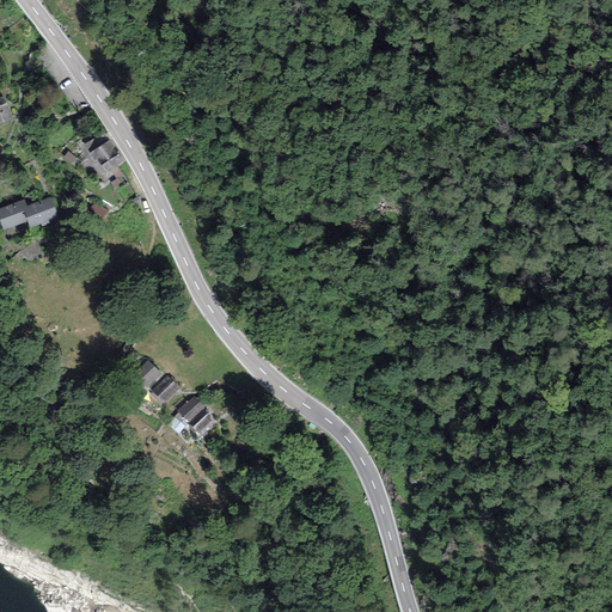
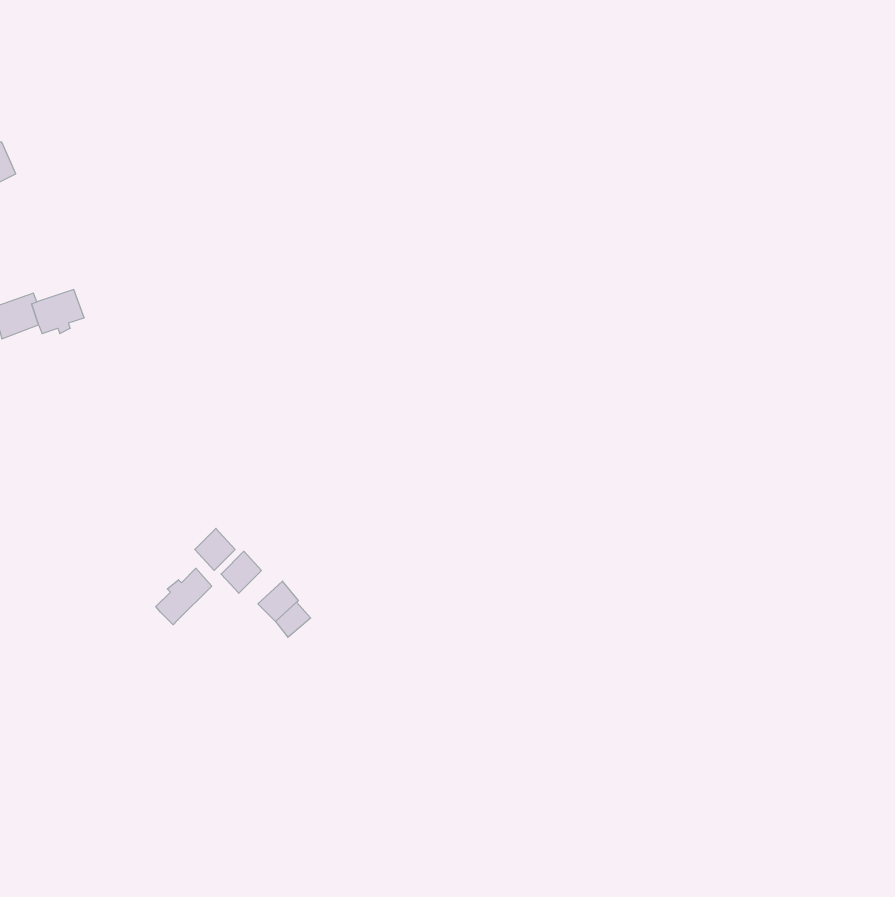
building: [84,135,122,176] -> none
building: none -> [156,568,212,625]

